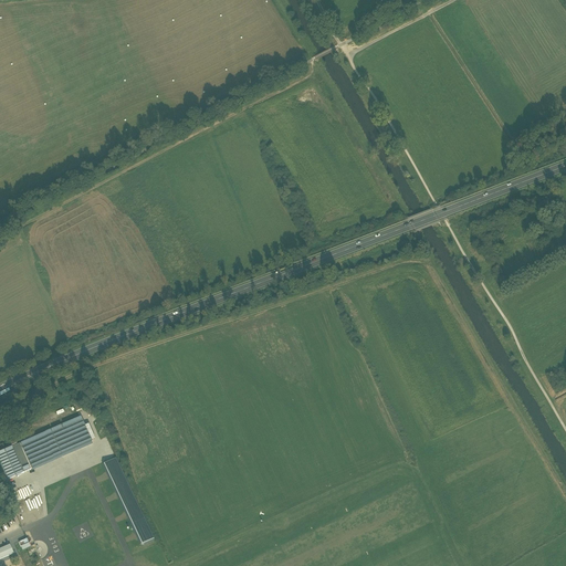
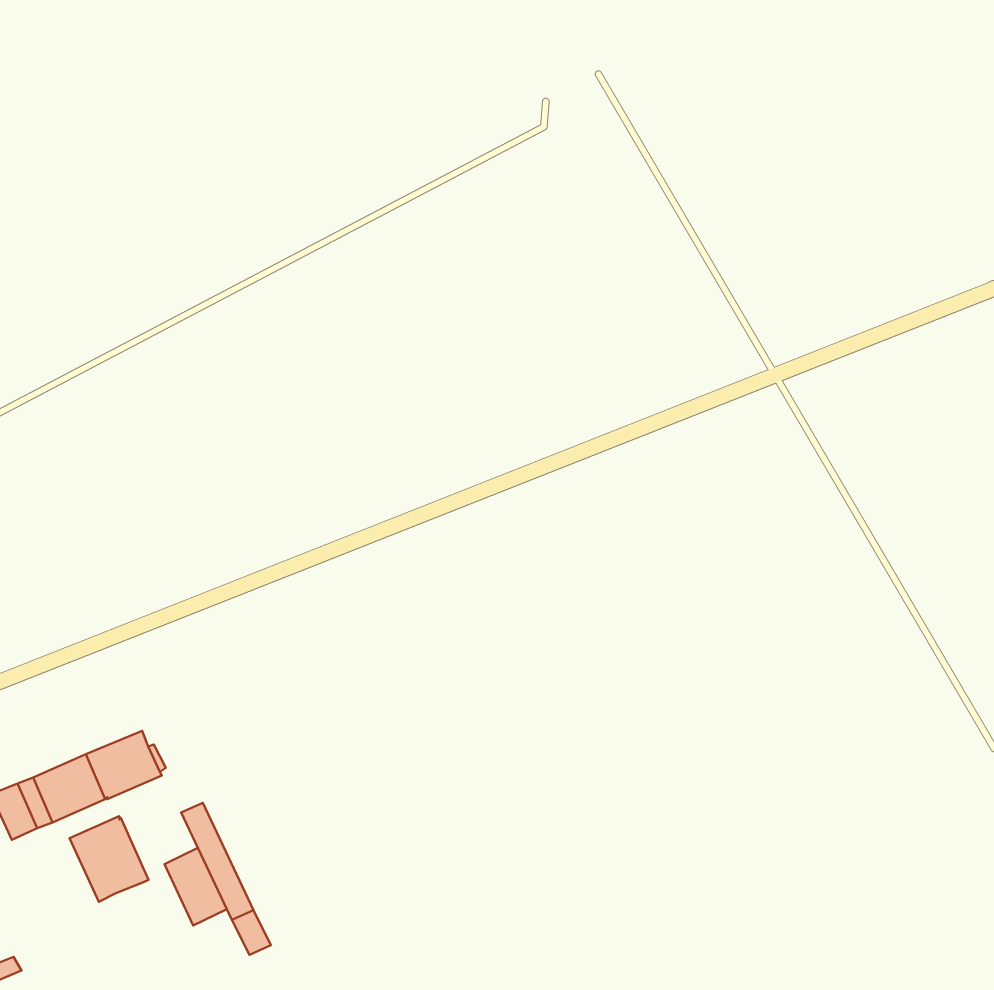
building: none -> [69,816,149,902]
building: none -> [164,848,227,926]

